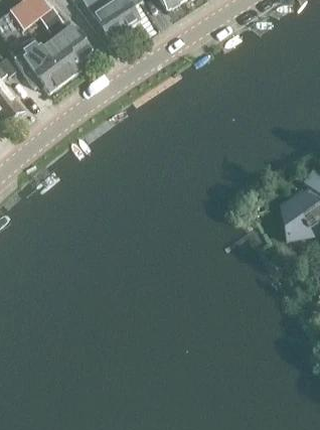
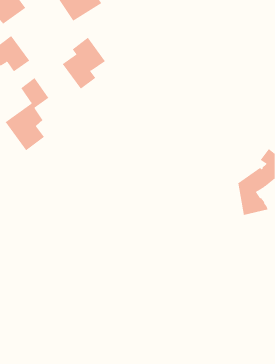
building: [46,23,92,78] -> [62,37,106,90]
building: none -> [5,77,49,151]

